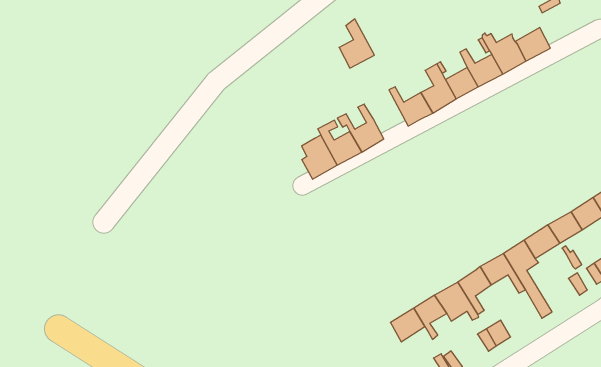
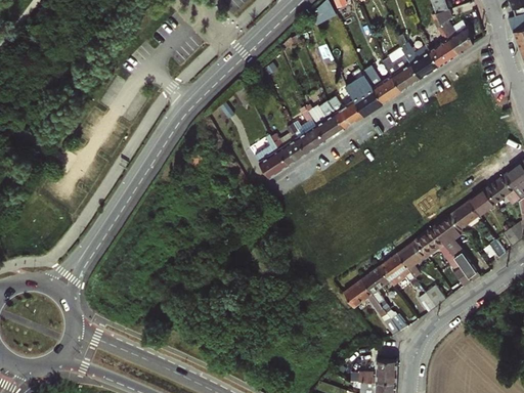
building: none -> [448,26,473,54]
building: [339,19,374,68] -> [316,99,346,140]

